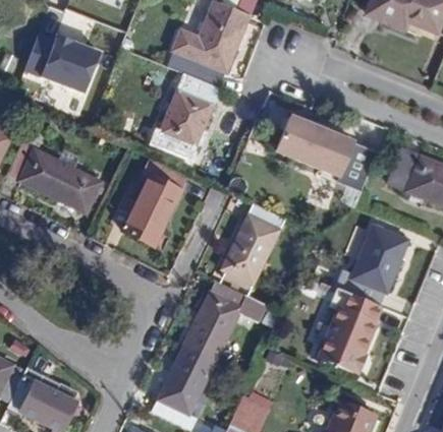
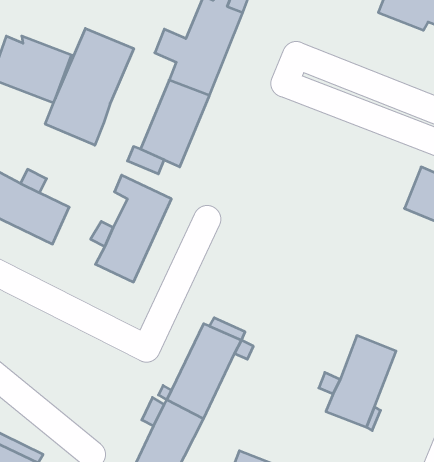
building: none -> [45,28,134,145]
building: [275,117,376,191] -> none
building: [222,204,284,284] -> none
building: [346,227,405,305] -> none

